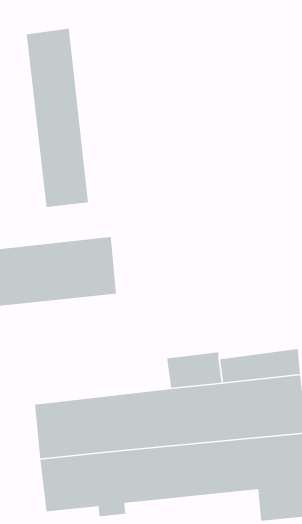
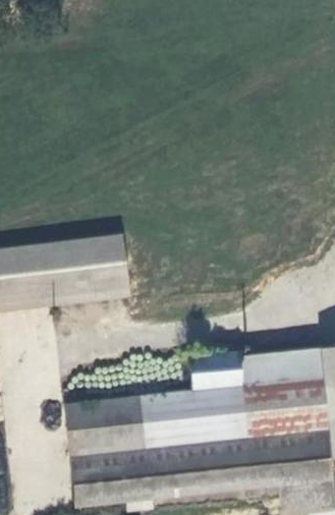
building: [26,28,89,208] -> none

